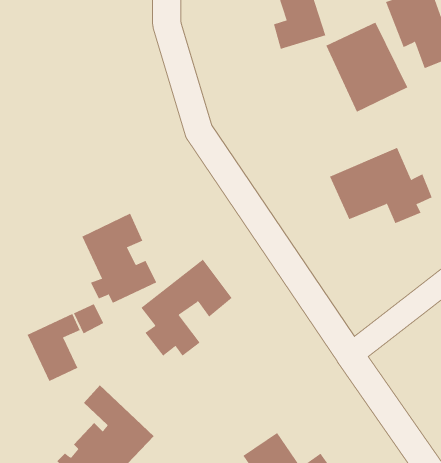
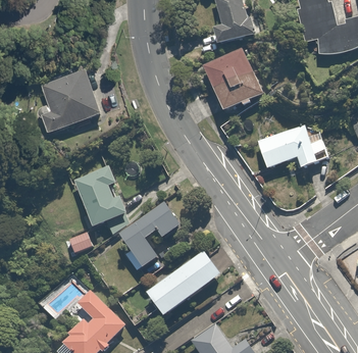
building: [326,22,408,113] -> [204,48,264,114]
building: none -> [30,67,91,129]
building: [27,313,80,382] -> none
building: none -> [150,248,226,316]

